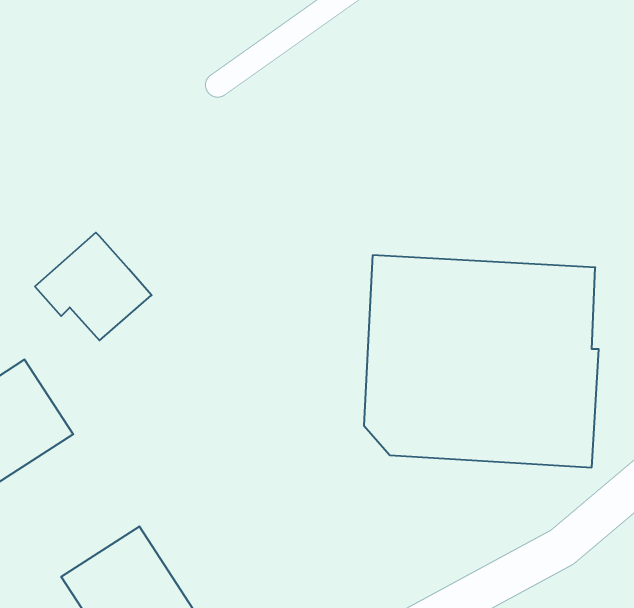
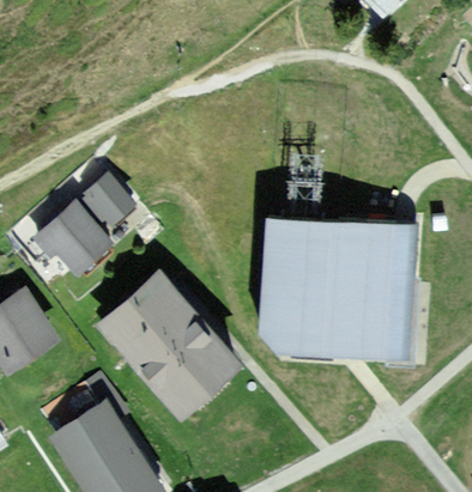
building: none -> [77,174,137,226]
building: none -> [99,272,243,420]

